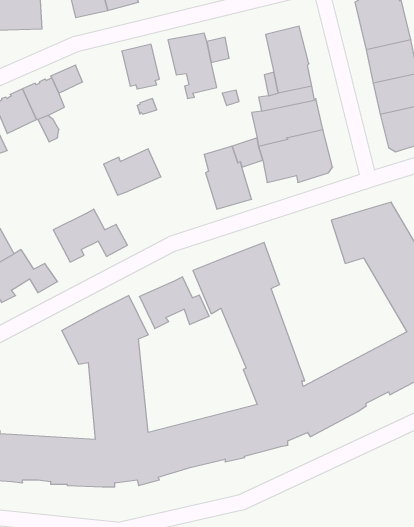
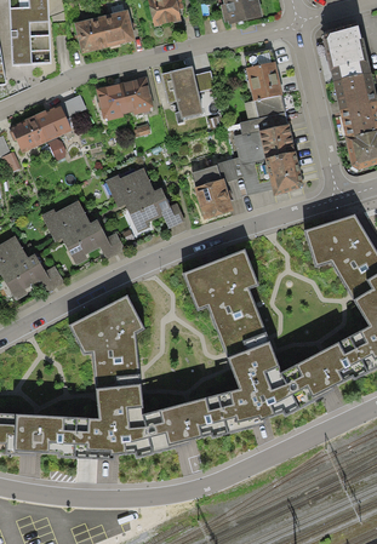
building: none -> [95,81,127,120]
building: none -> [40,199,90,240]
building: [139,277,209,329] -> [124,187,184,231]

